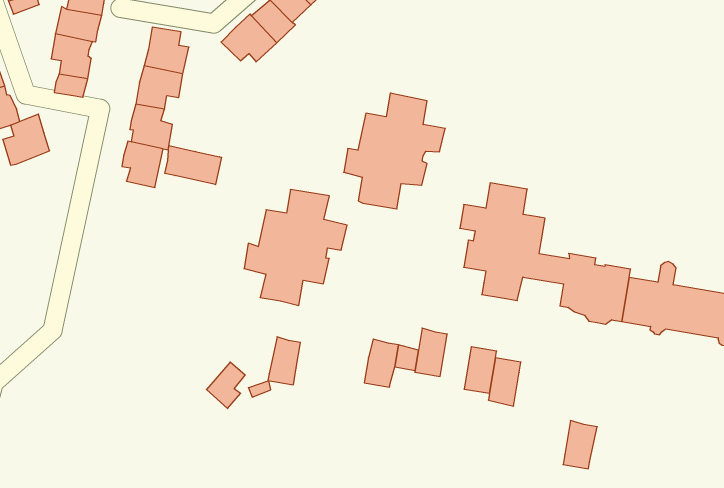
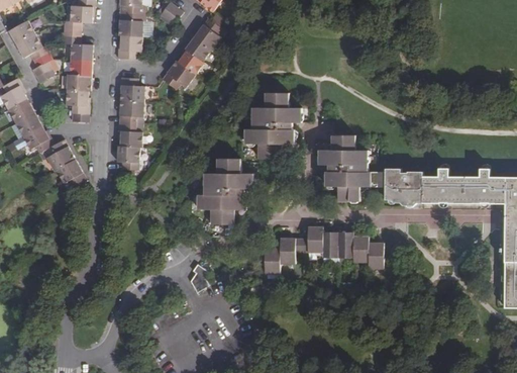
building: [165,145,222,185] -> none
building: none -> [56,159,85,188]
building: [268,337,300,385] -> [264,247,279,273]
building: none -> [322,231,337,257]
building: [563,421,597,469] -> [368,242,384,268]

